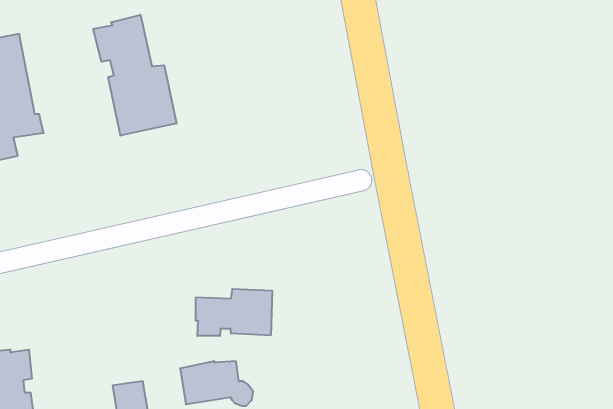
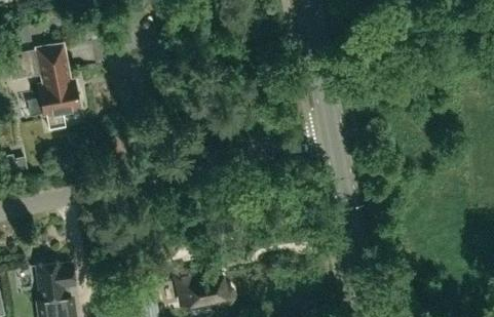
building: [93,15,176,136] -> none
building: [196,289,272,336] -> none

